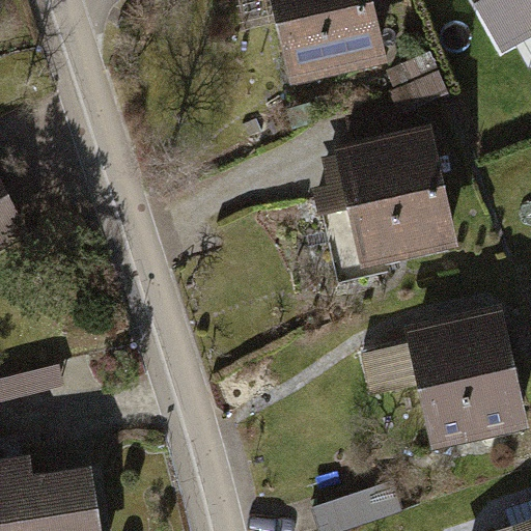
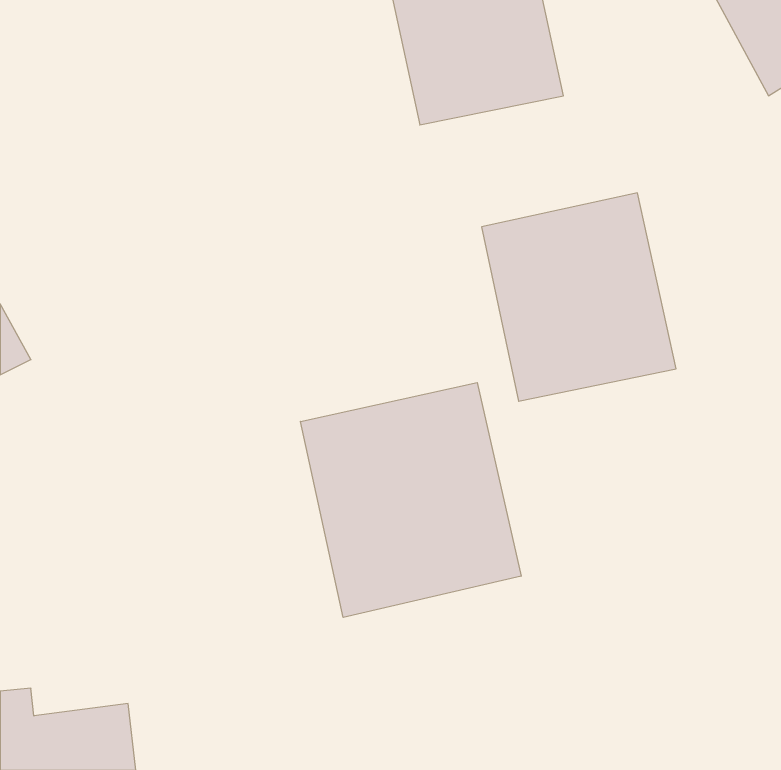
building: none -> [300,383,521,617]
building: [393,295,525,449] -> none

